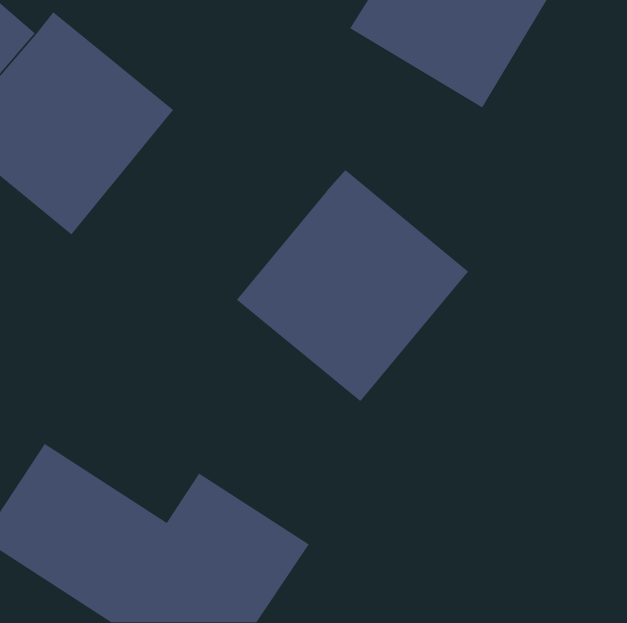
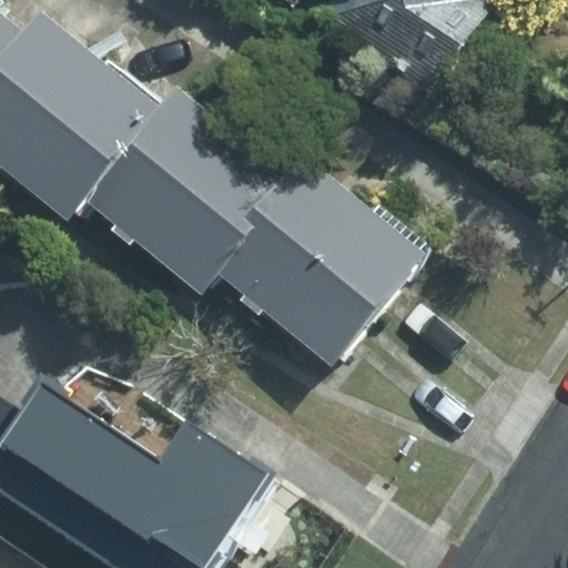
building: none -> [78,78,293,292]

